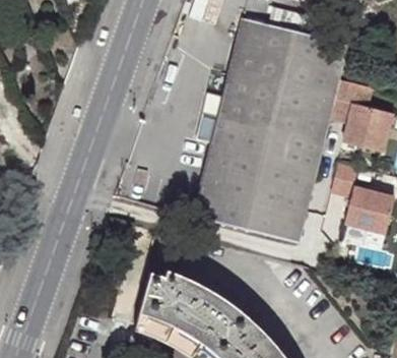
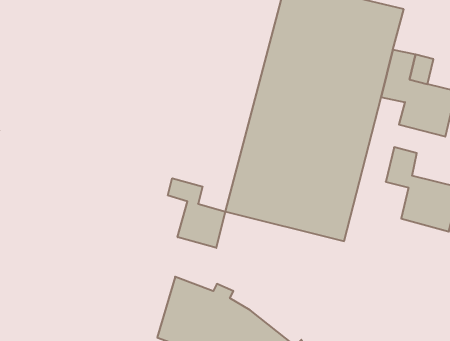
building: none -> [168,178,225,248]

